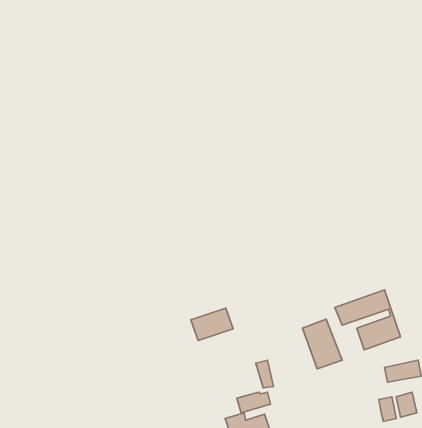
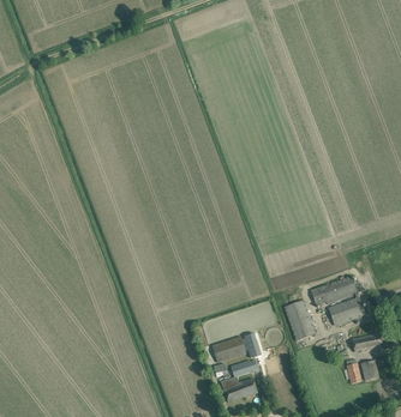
building: [191,308,233,340] -> [213,336,247,362]

